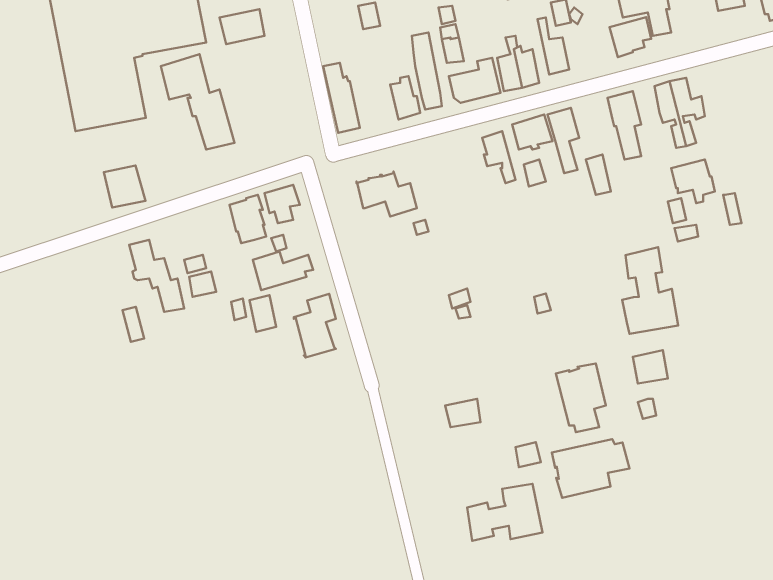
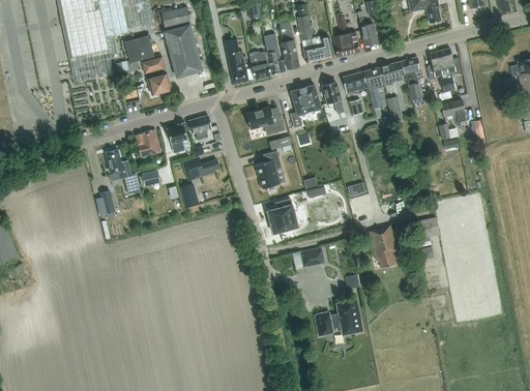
building: [609,17,651,57] -> [379,61,405,86]
building: none -> [165,25,203,77]
building: none -> [249,52,272,78]
building: none -> [291,85,322,127]
building: [104,166,146,207] -> [136,130,161,156]
building: [622,247,678,334] -> none
building: [294,294,336,357] -> [255,150,281,189]
building: none -> [268,199,298,233]
building: [552,439,629,498] -> none

